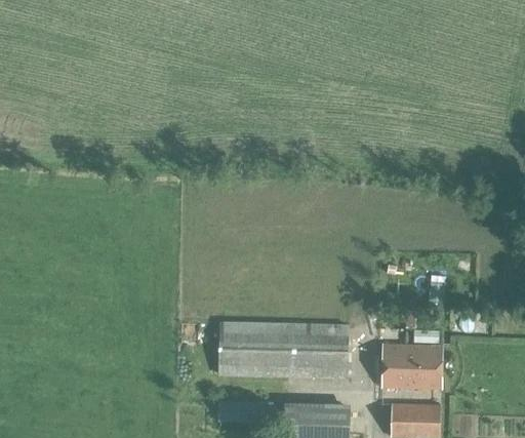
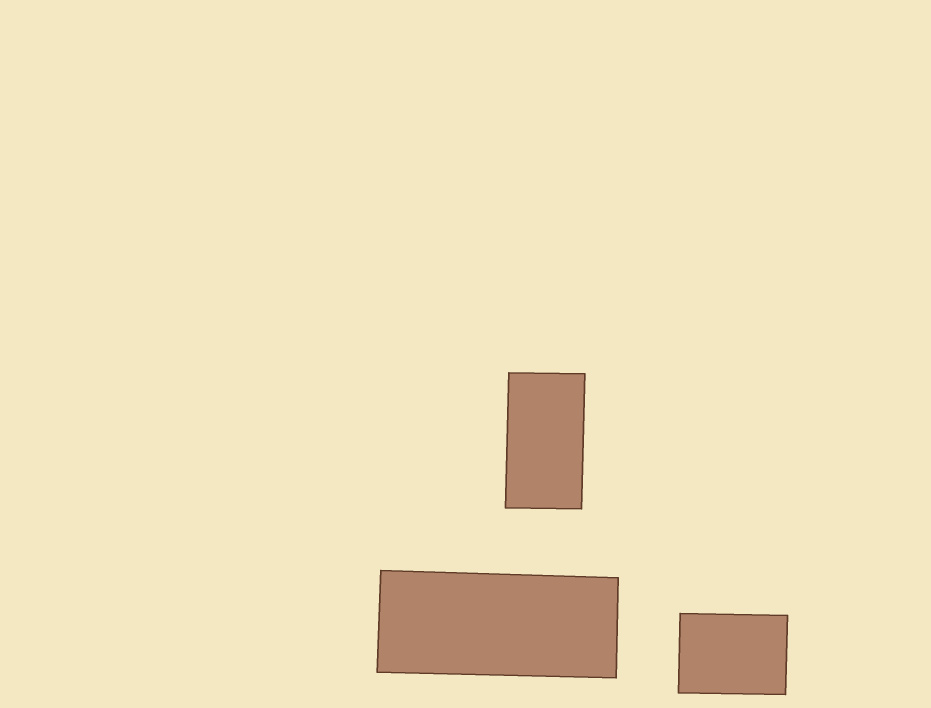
building: none -> [506,373,585,509]

